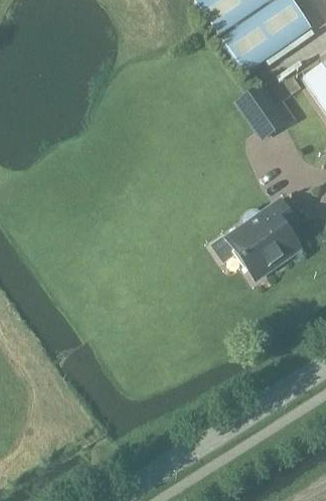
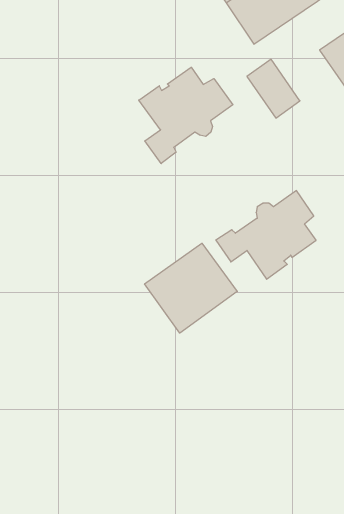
building: none -> [139,67,233,164]
building: none -> [145,243,237,333]

